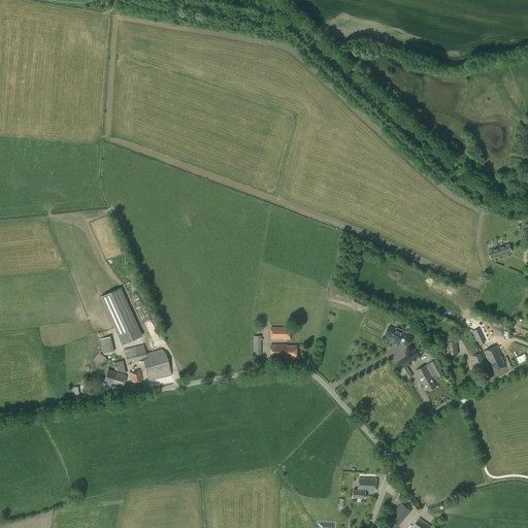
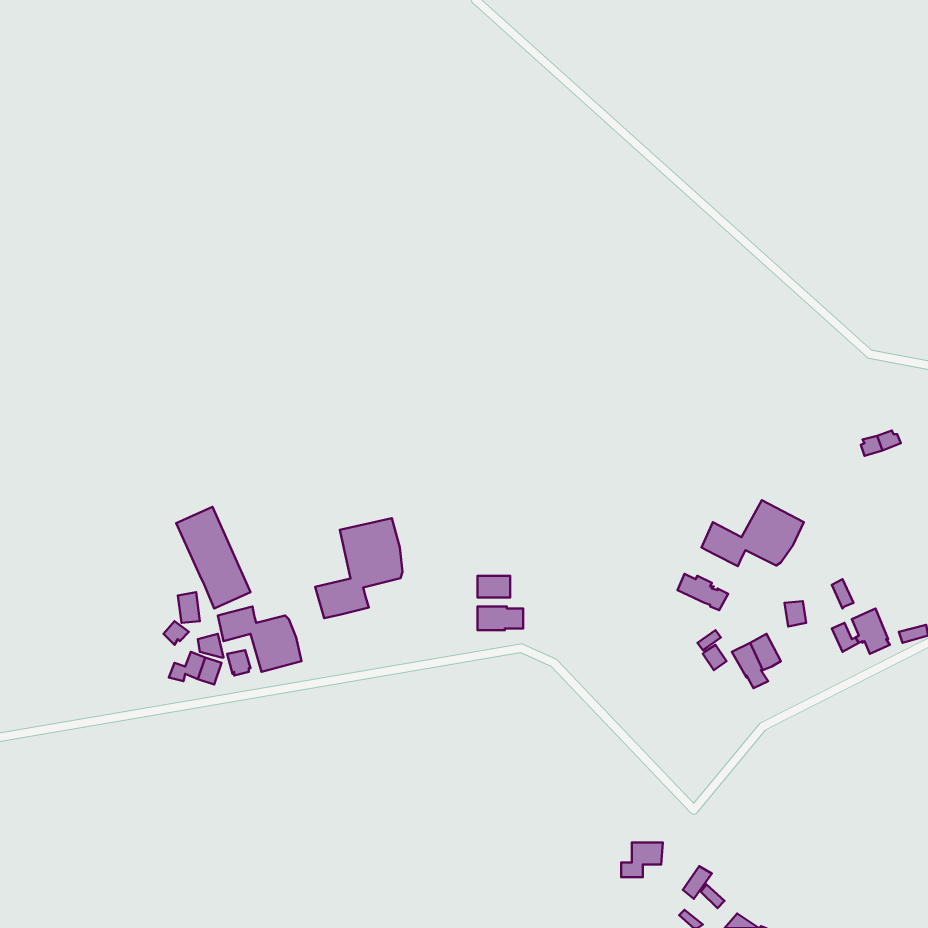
building: none -> [701,500,804,566]
building: none -> [315,518,402,618]

